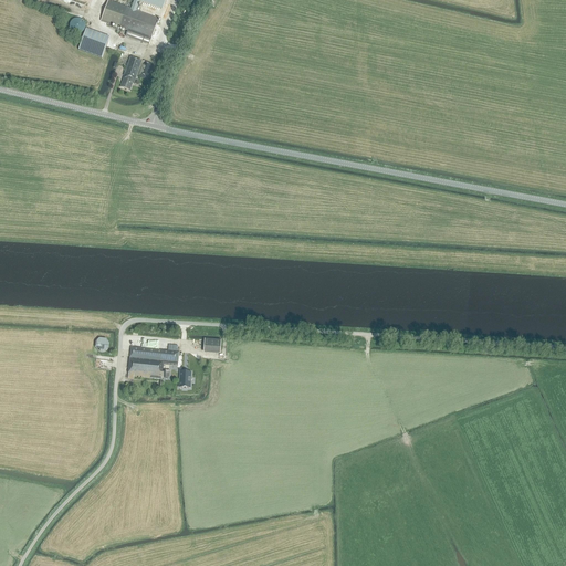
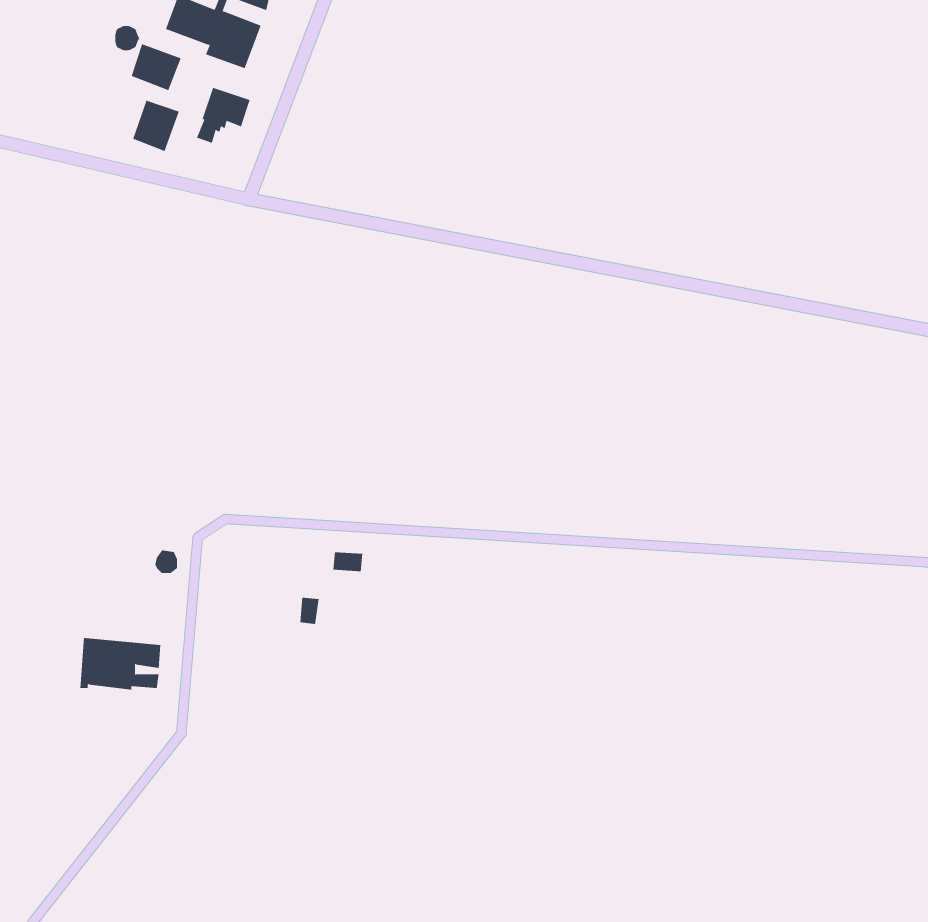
building: none -> [132,100,179,152]
building: [128,345,178,377] -> [79,638,161,690]

